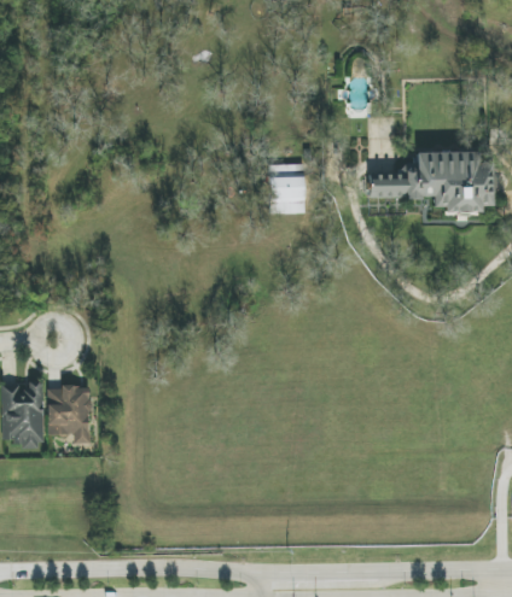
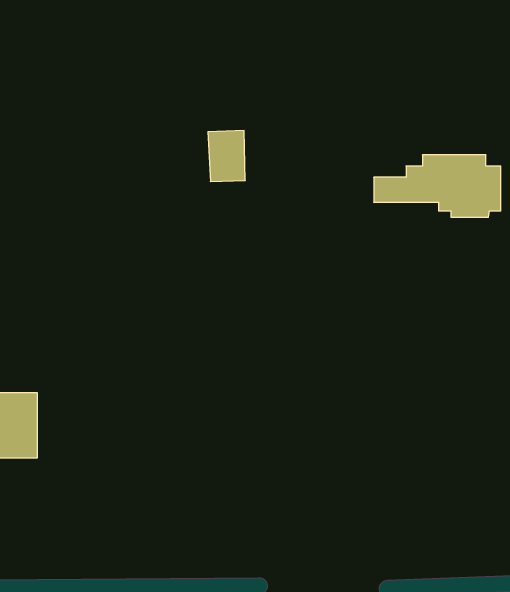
building: [268,164,304,213] -> [208,131,245,182]
building: [47,386,89,444] -> none

